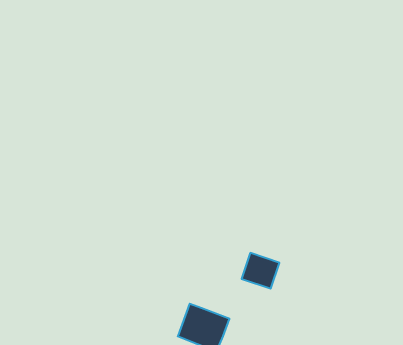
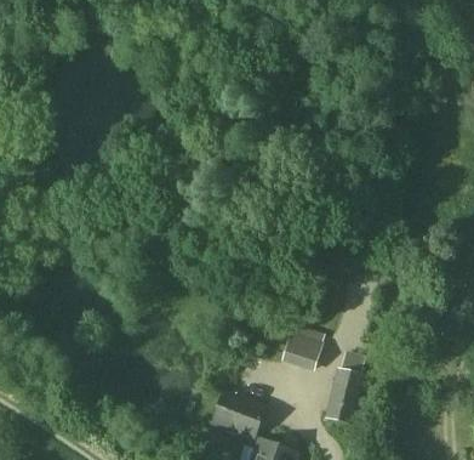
building: none -> [324,367,364,424]

